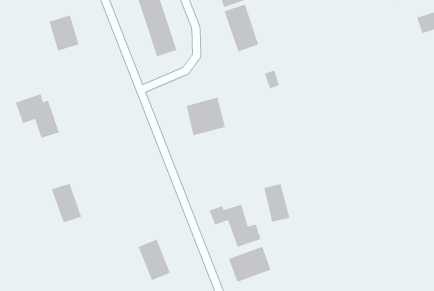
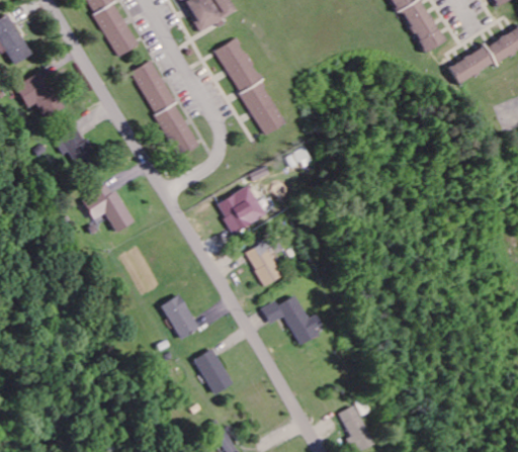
building: [15,93,60,139] -> [80,185,134,234]
building: [51,183,82,223] -> [160,295,198,340]
building: [263,183,290,222] -> [247,244,281,287]
building: [228,246,271,283] -> none

